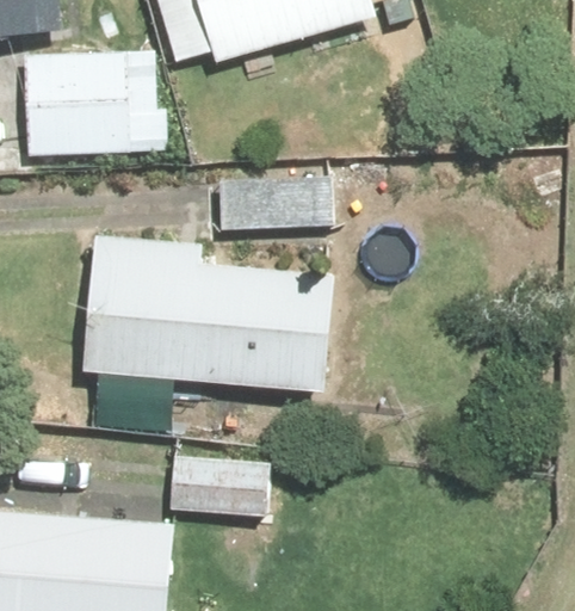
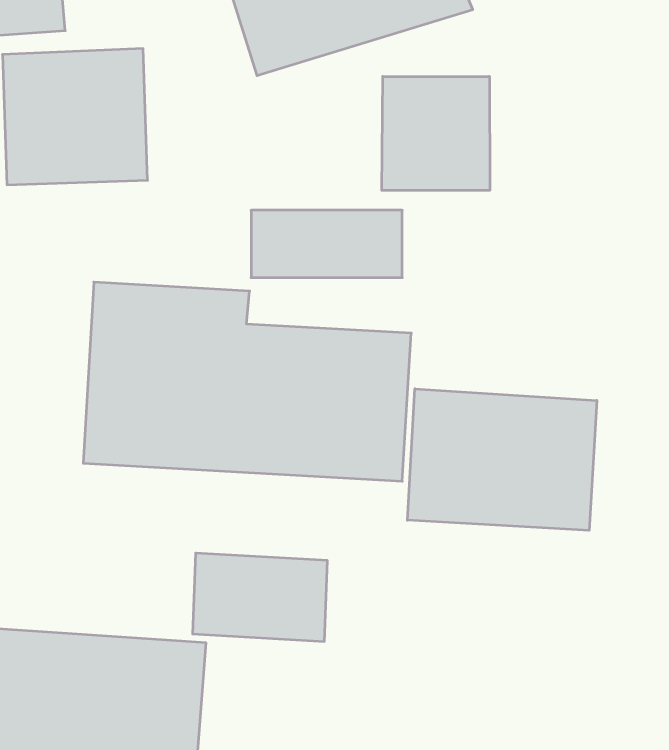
building: none -> [382,76,490,190]
building: none -> [407,389,597,530]

